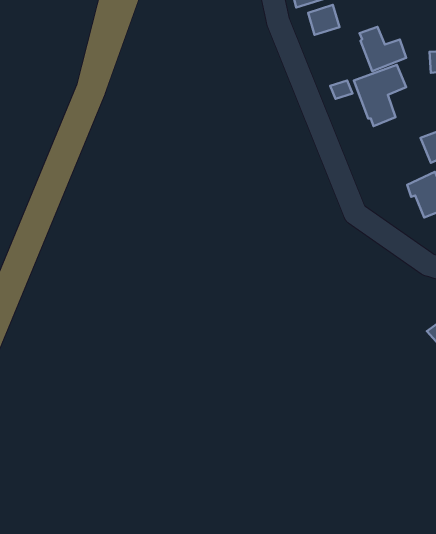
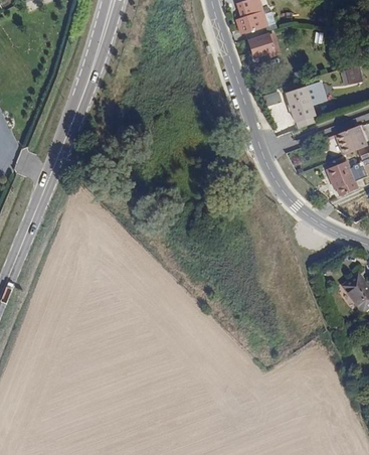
building: [359,27,406,71] -> none

